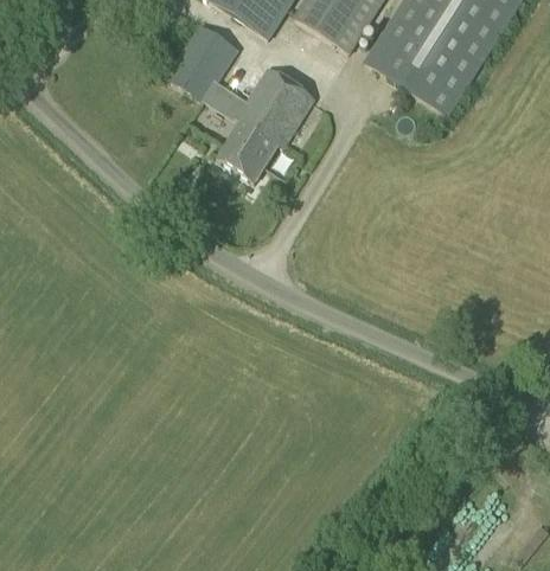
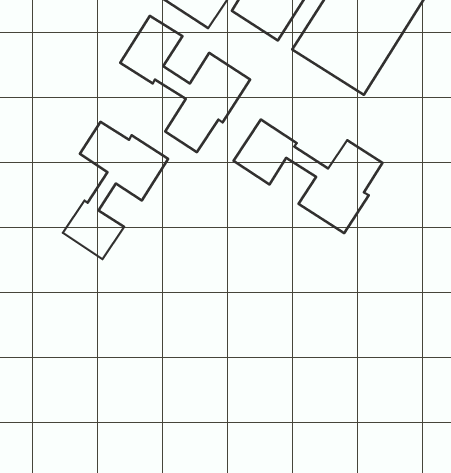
building: none -> [234,120,383,233]
building: none -> [63,122,168,259]

